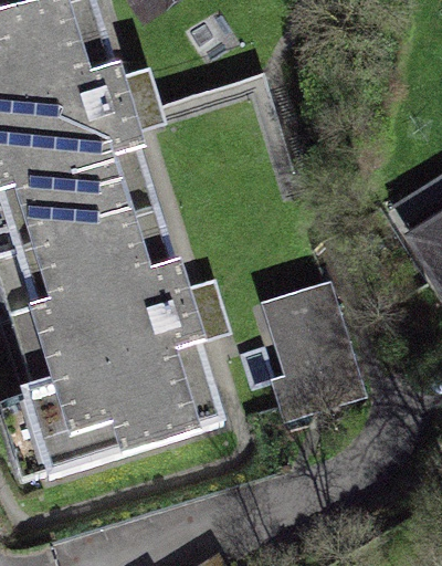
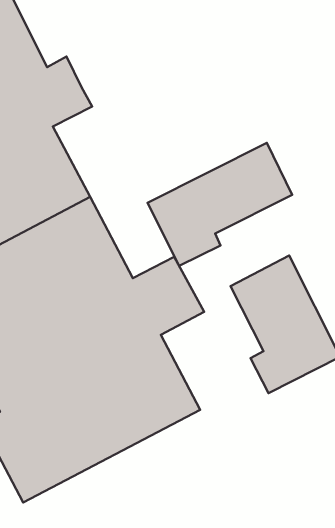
building: none -> [148,143,292,266]

